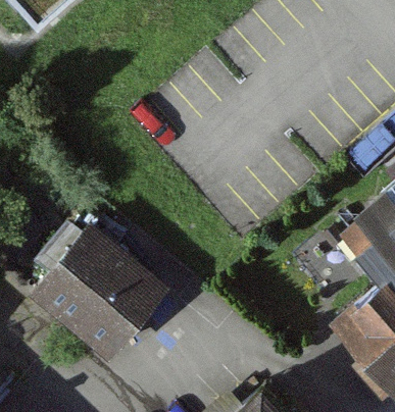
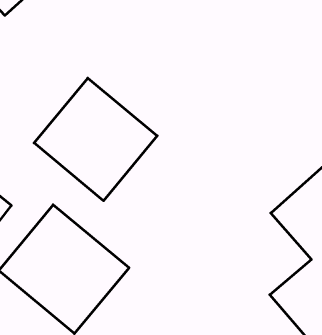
building: none -> [34,78,157,201]

